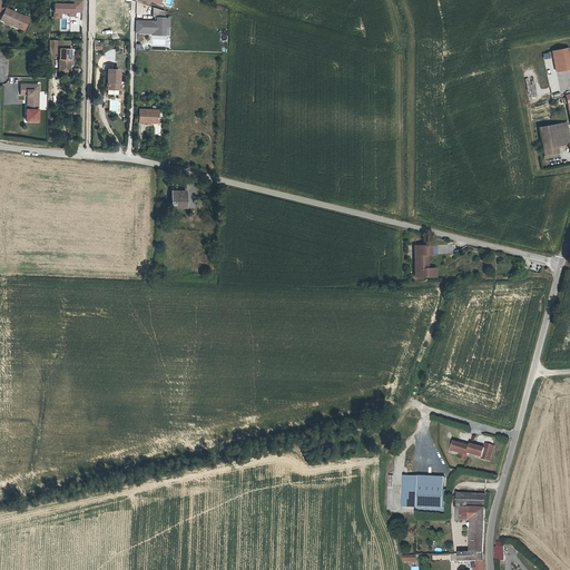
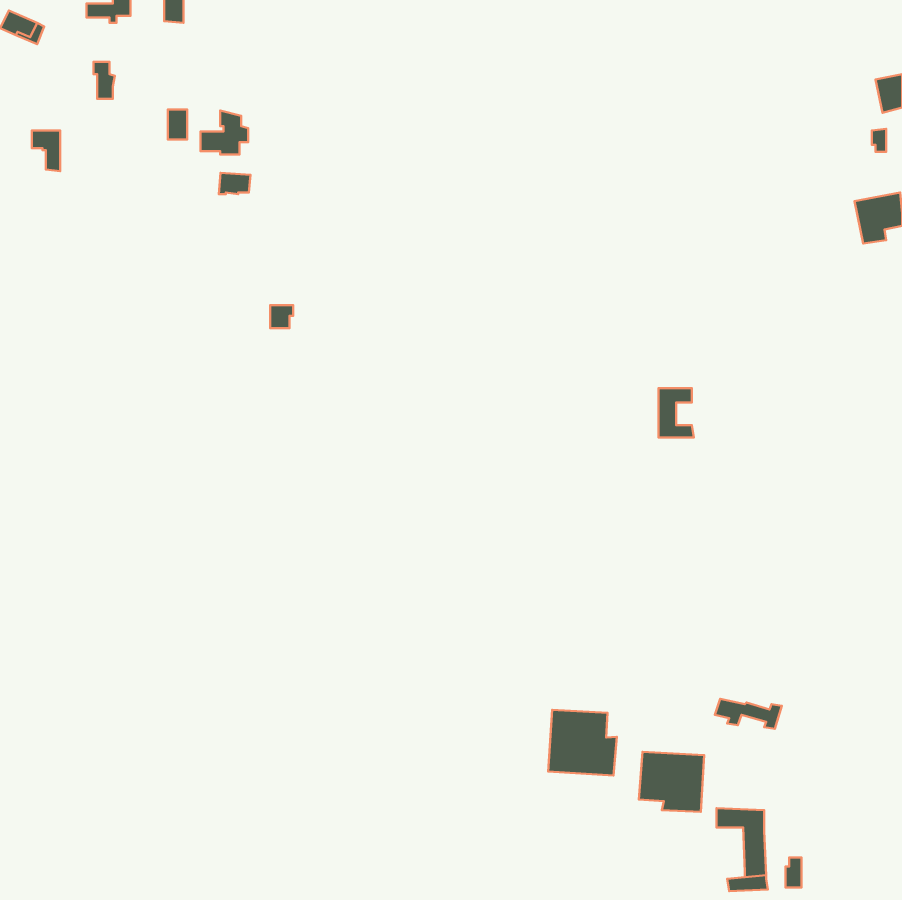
building: [139,7,169,35] -> [201,110,248,155]
building: none -> [548,710,617,776]
building: [452,495,482,511] -> none

